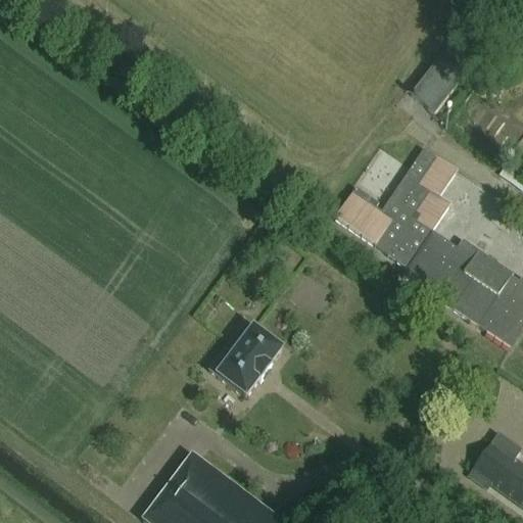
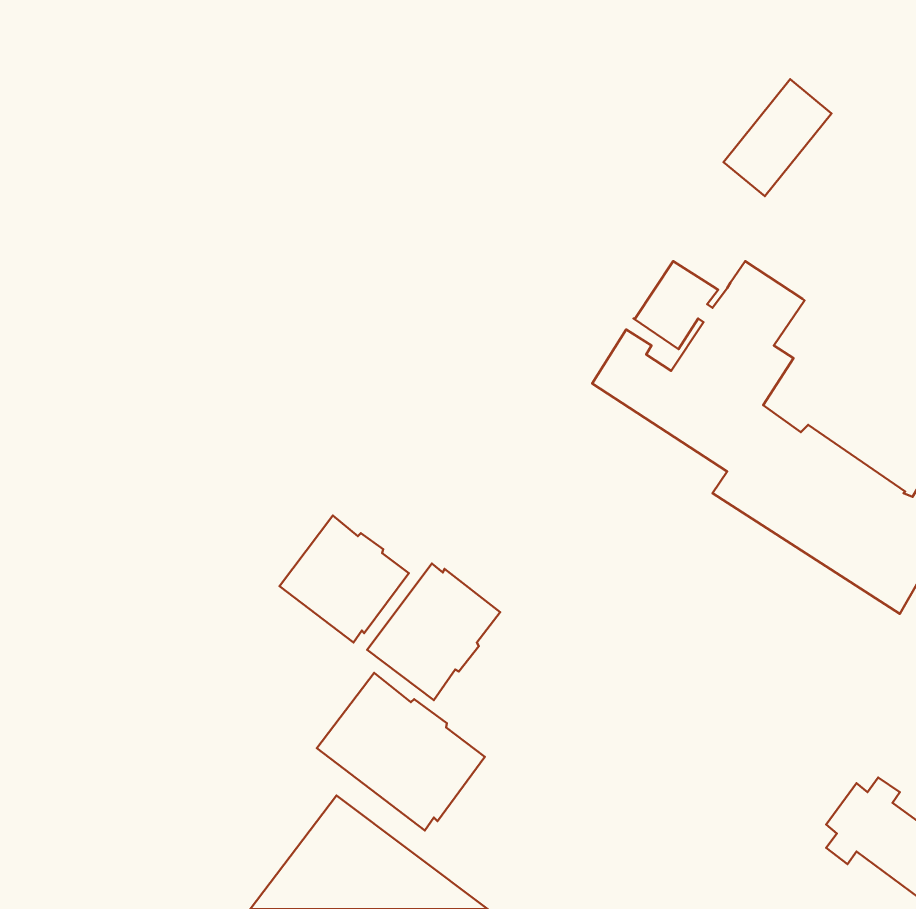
building: none -> [279,515,409,643]
building: none -> [317,673,485,831]

